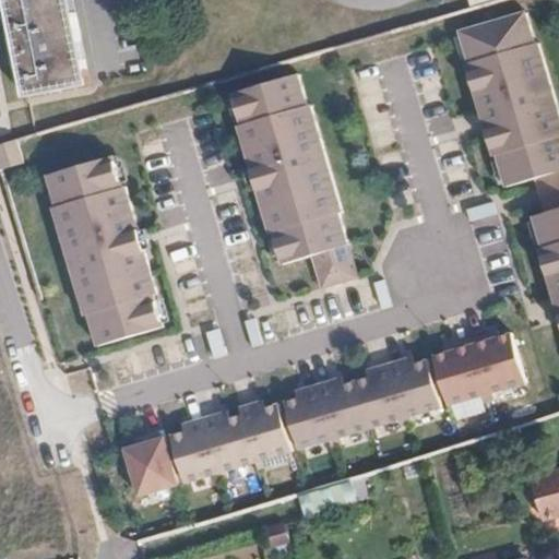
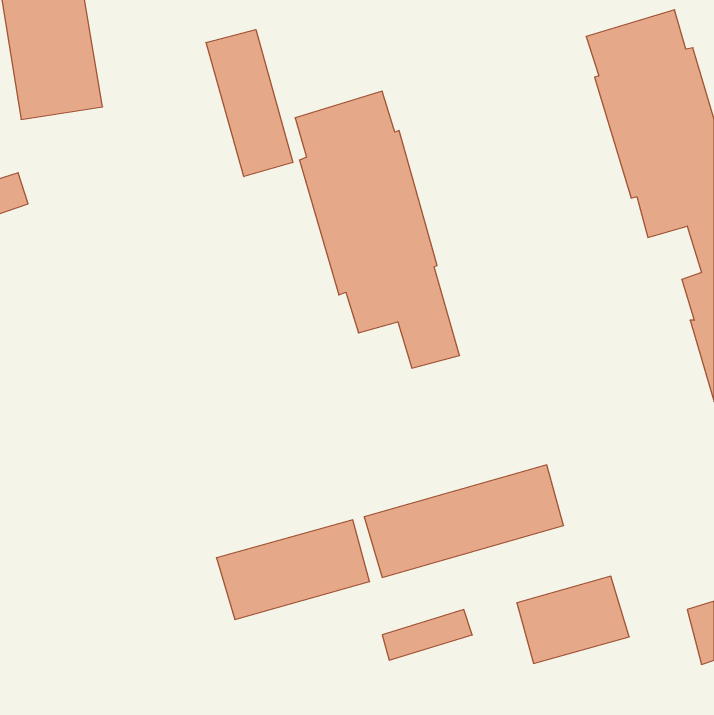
building: none -> [206,30,293,177]
building: [43,152,159,340] -> none
building: [435,338,522,406] -> [517,576,629,663]
building: [122,436,176,495] -> none

